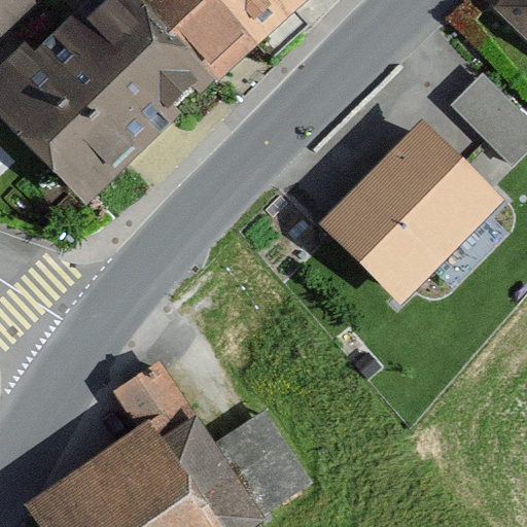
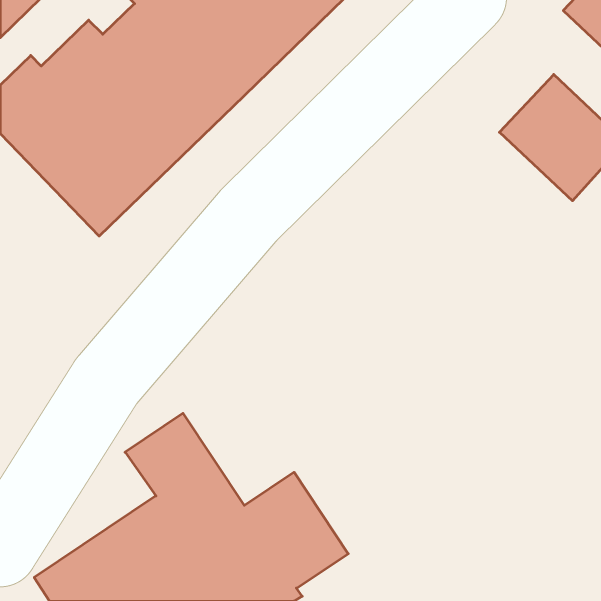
building: [317,120,500,305] -> none

